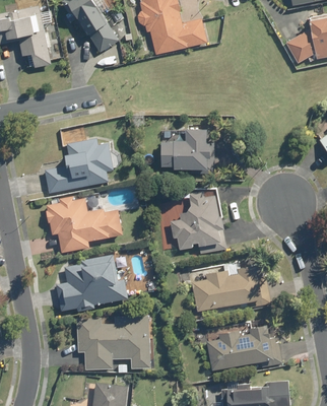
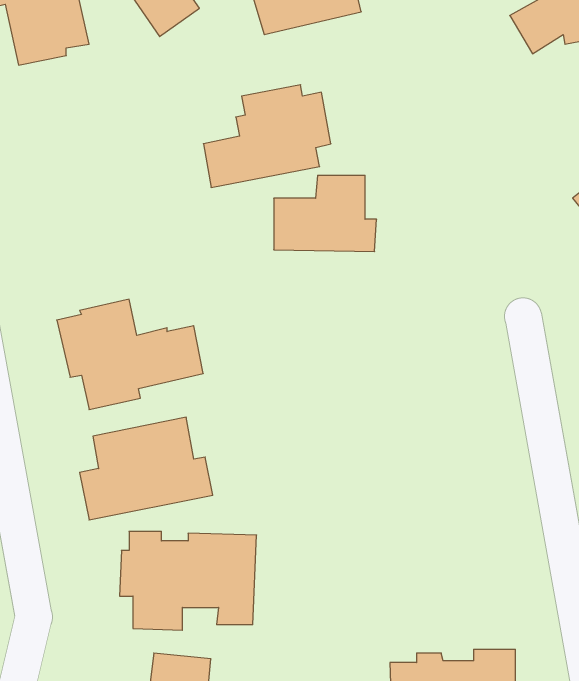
building: [46,138,114,193] -> [203,85,331,187]
building: [171,200,227,254] -> none
building: [191,264,273,311] -> none
building: [205,322,282,370] -> none

